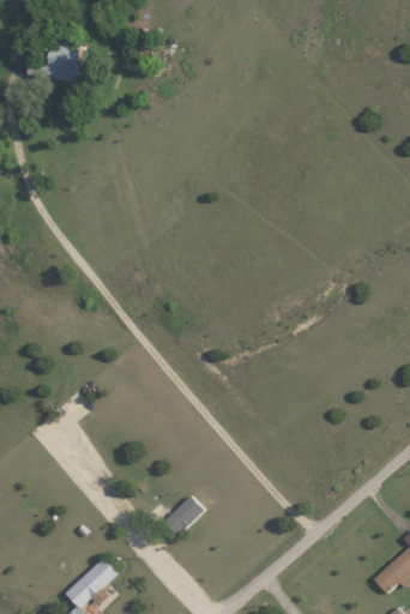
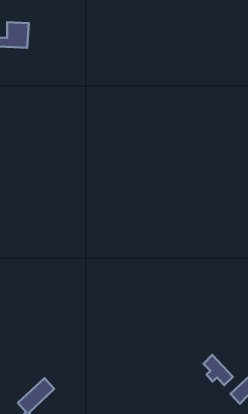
building: [163,494,204,535] -> none
building: none -> [203,355,233,385]

